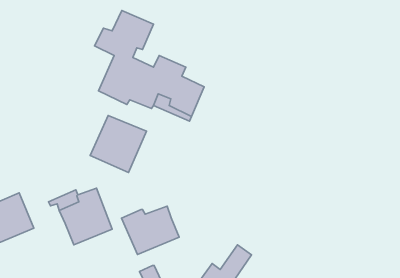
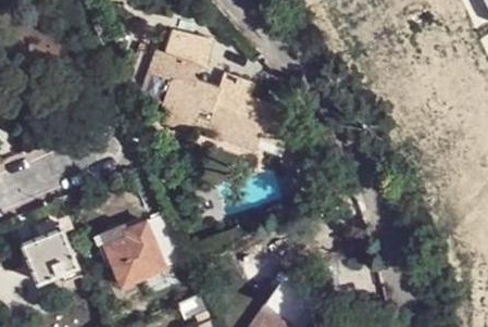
building: [90,116,147,172] -> none
building: [121,206,179,254] -> none

